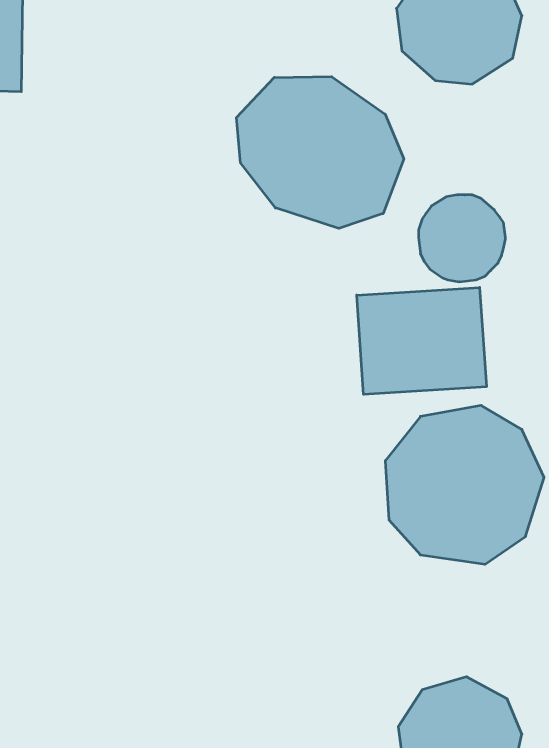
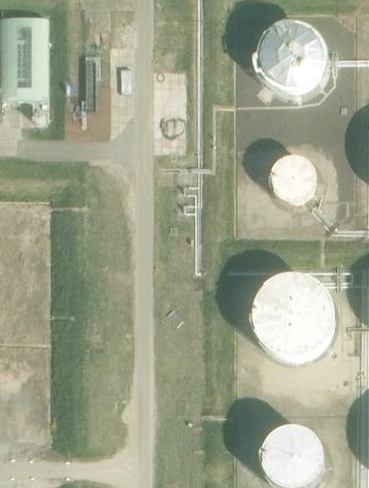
building: [236,77,404,228] -> none
building: [357,287,486,394] -> none

